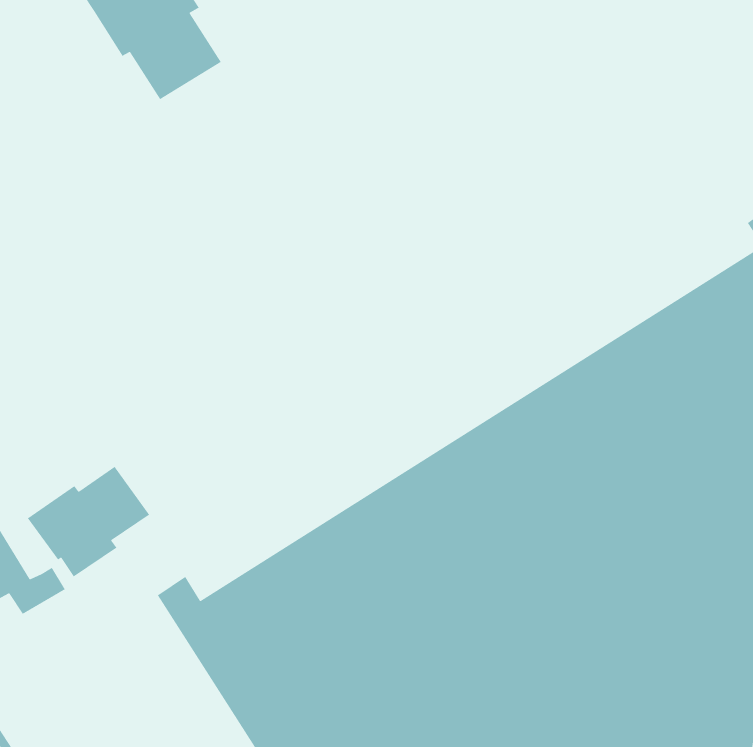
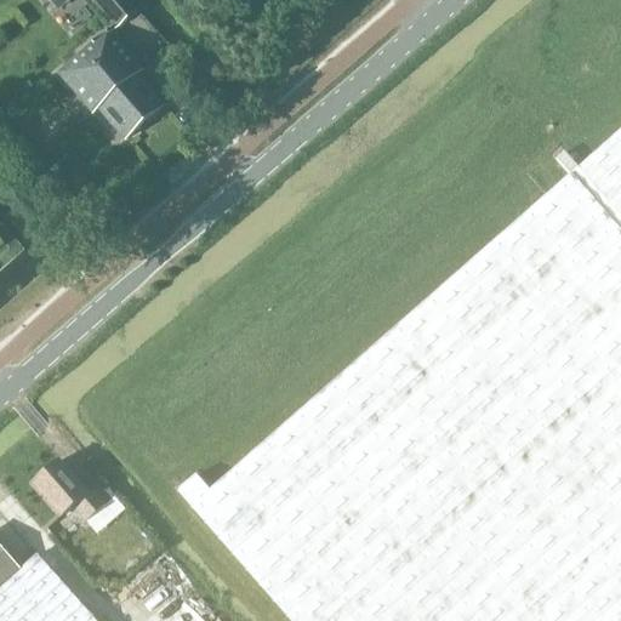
building: [27,466,150,577] -> none

